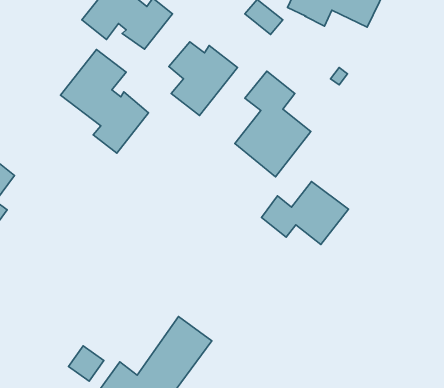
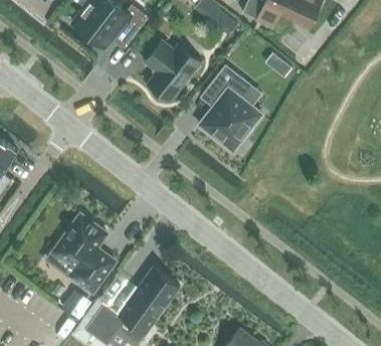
building: [61,49,149,153] -> none
building: [261,182,348,244] -> none
building: none -> [48,214,116,293]

